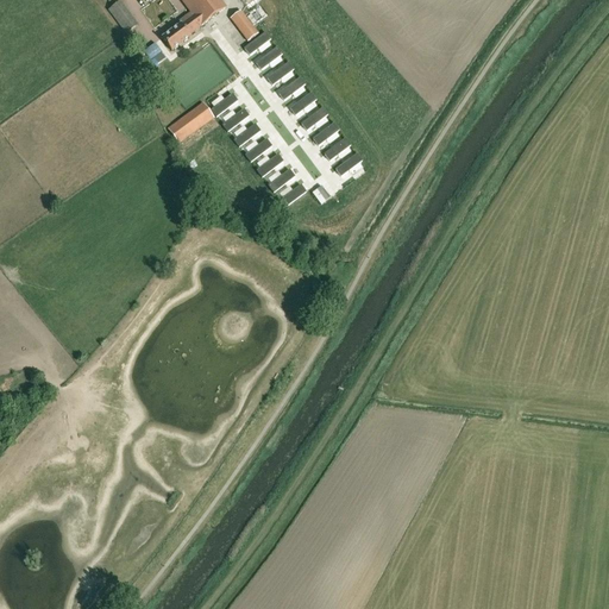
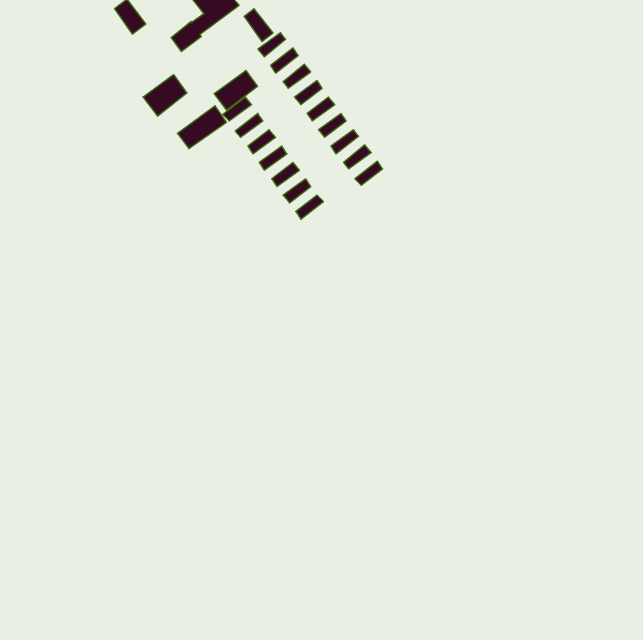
building: none -> [214,70,257,110]
building: none -> [143,75,187,116]

